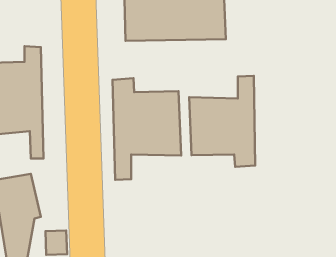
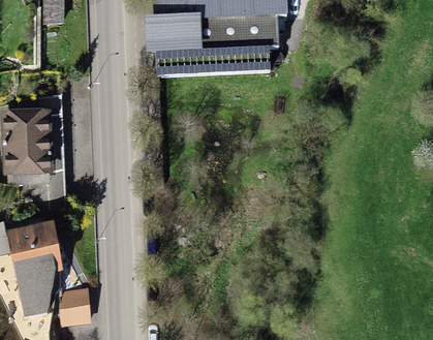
building: [189,76,255,167] -> none
building: [113,78,181,180] -> none

